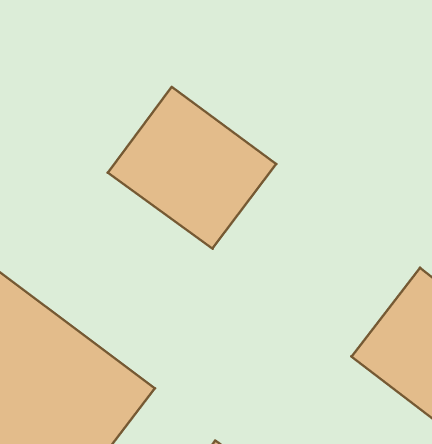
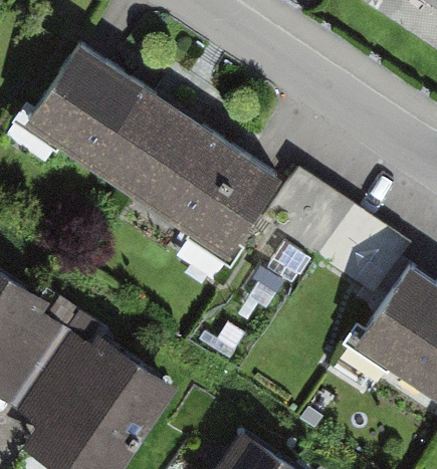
building: none -> [25,47,176,194]

